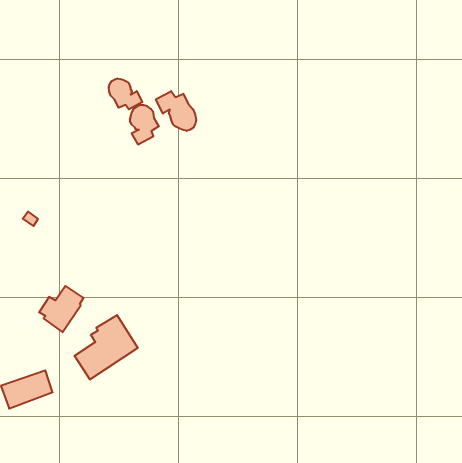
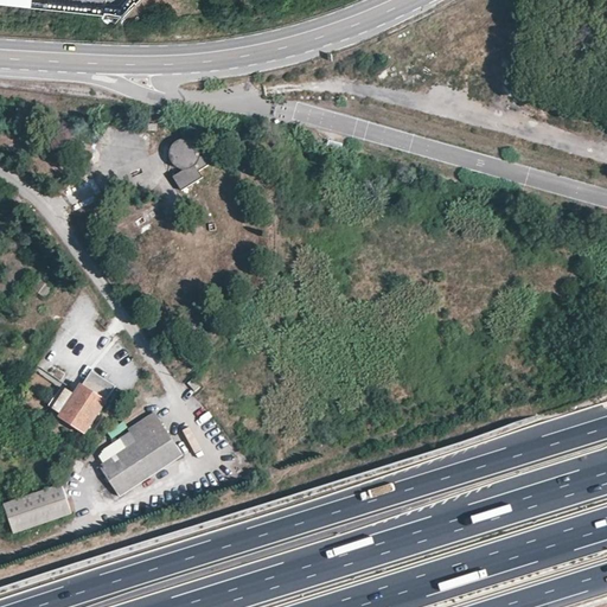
building: [109,78,142,109] -> none
building: [156,91,196,131] -> none

